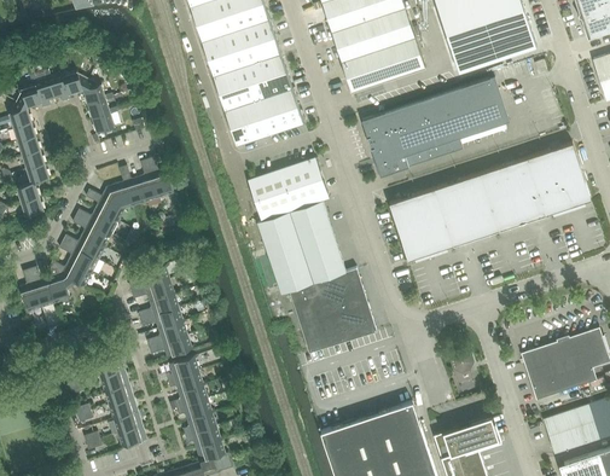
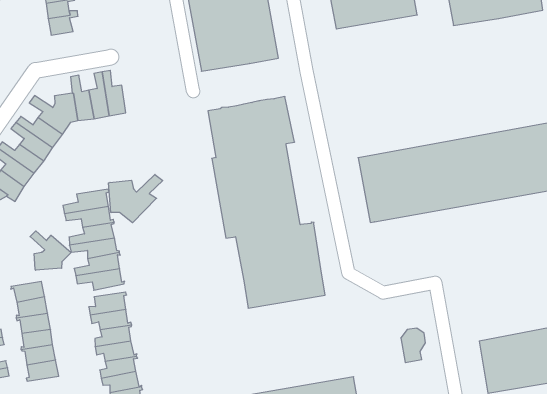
building: [362,79,505,178] -> none
building: none -> [108,174,163,223]
building: none -> [30,231,71,270]

